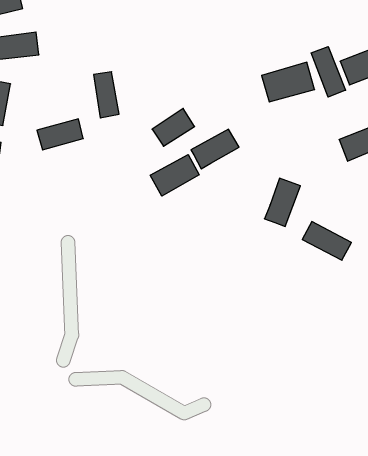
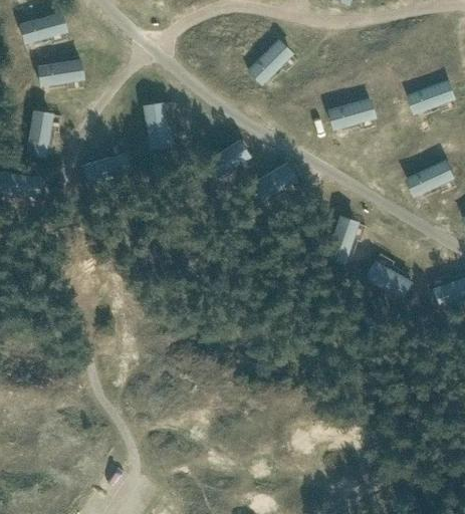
building: none -> [245,37,295,86]
building: [311,47,346,97] -> none
building: [150,155,199,196] -> none

